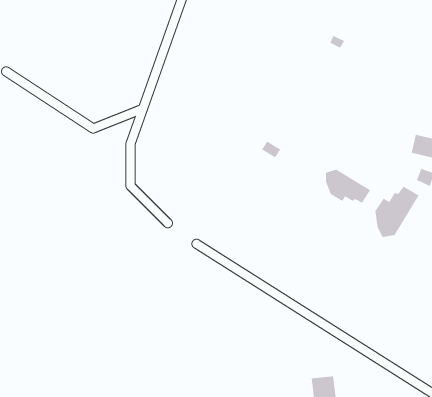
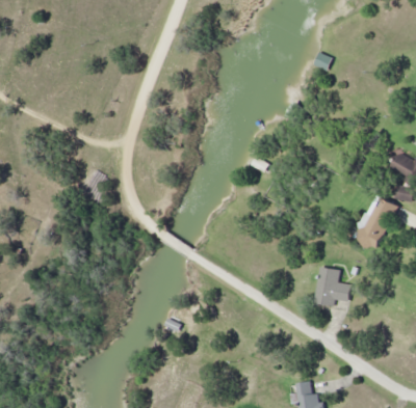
building: [325,169,371,204] -> none
building: none -> [313,265,349,306]

